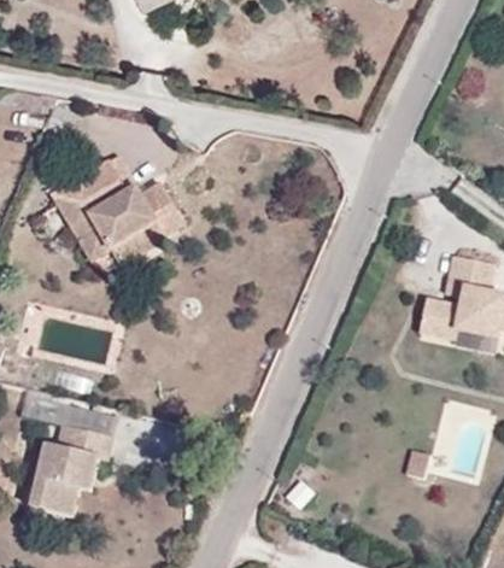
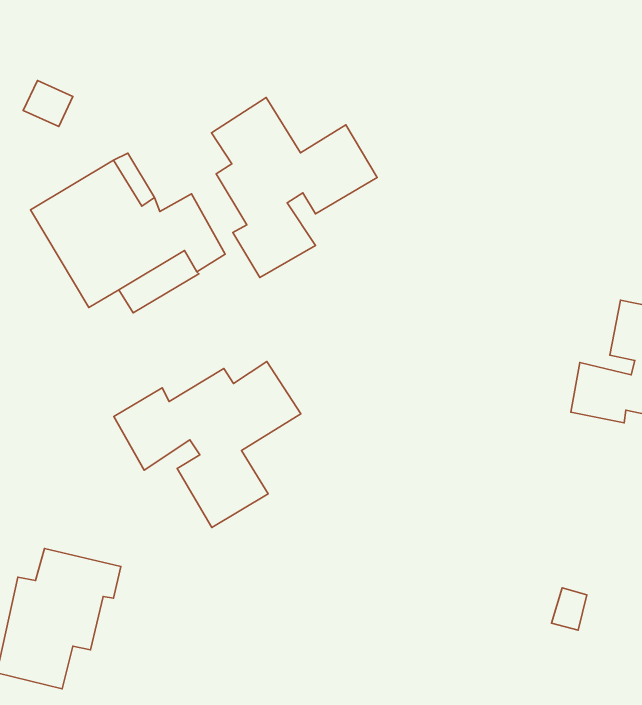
building: none -> [211,98,377,277]
building: none -> [114,362,301,527]

